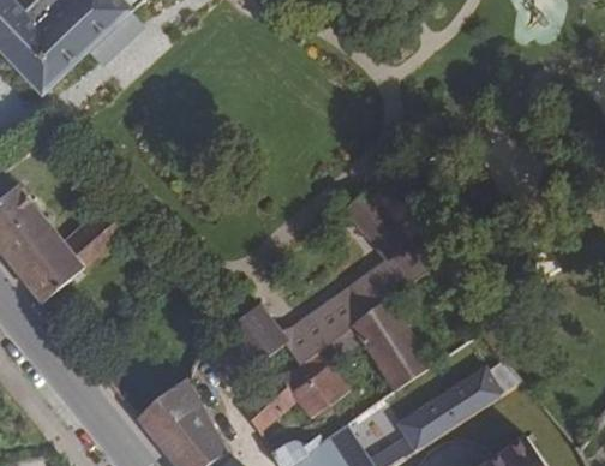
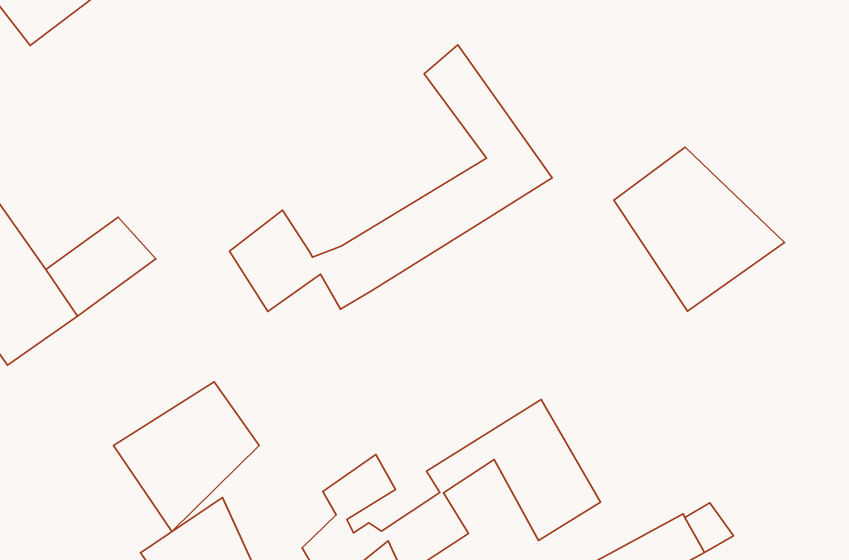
building: none -> [614,147,784,311]
building: [223,187,429,369] -> [230,45,552,311]
building: none -> [114,382,259,532]

